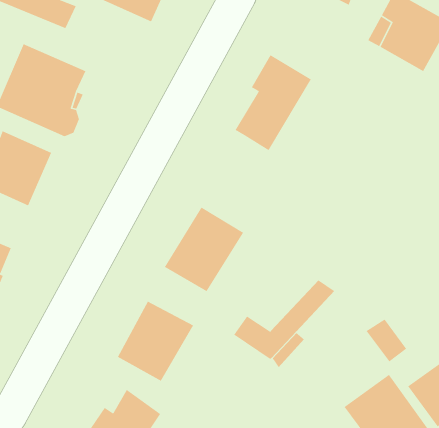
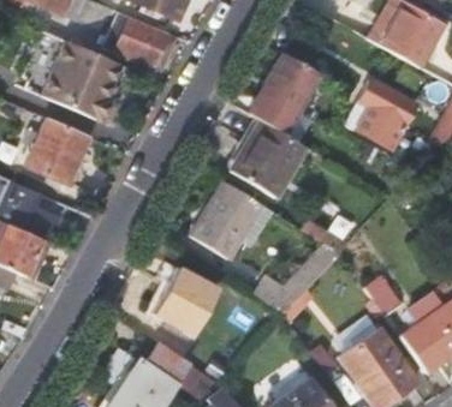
building: none -> [103,11,180,70]
building: none -> [352,78,412,148]
building: none -> [228,120,302,196]

